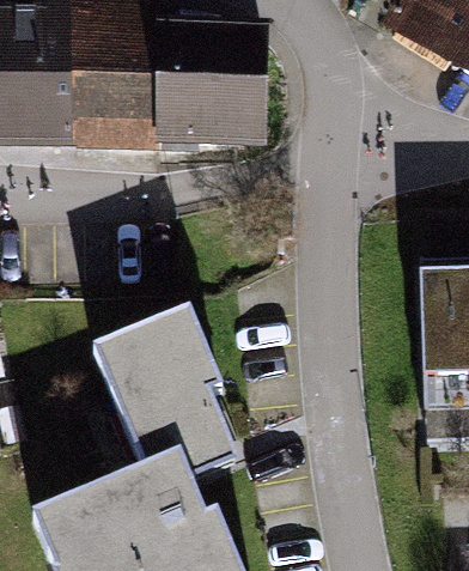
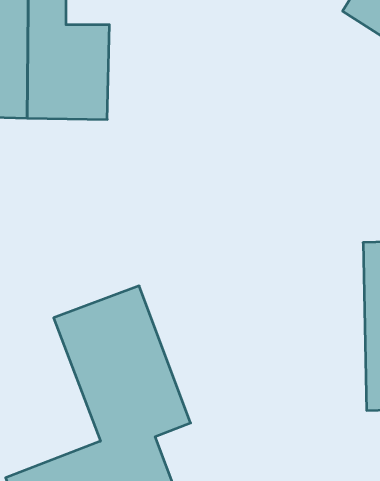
building: [152,40,262,140] -> none

